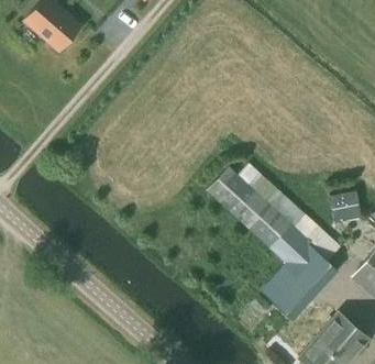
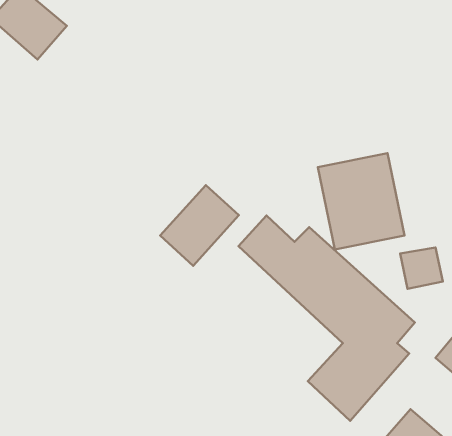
building: none -> [318,153,405,249]
building: none -> [160,185,239,266]

